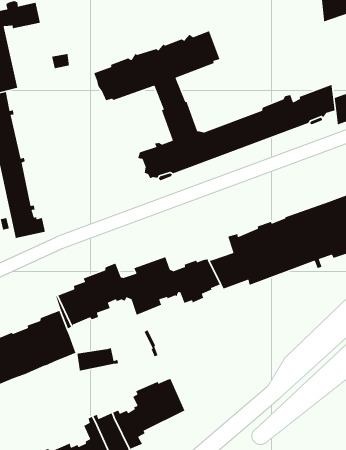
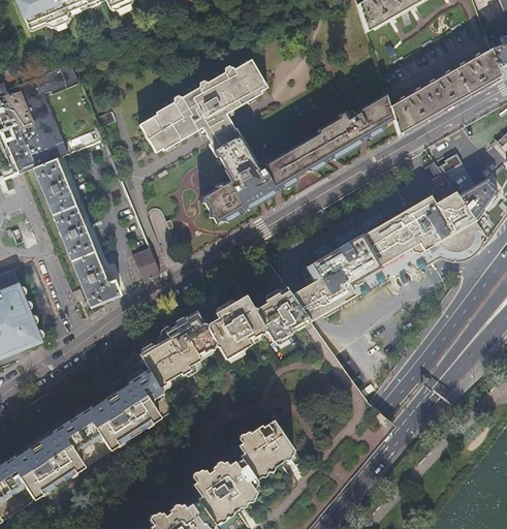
building: none -> [133,246,160,280]
building: [77,347,119,371] -> none

